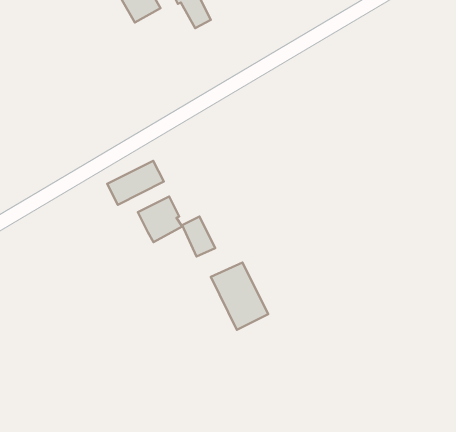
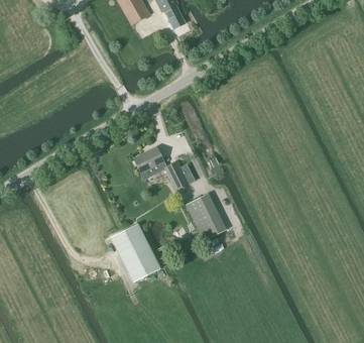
building: [107,161,164,205] -> none
building: none -> [111,223,160,281]

